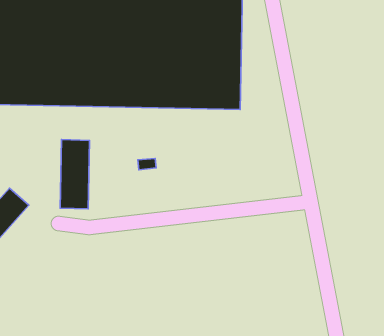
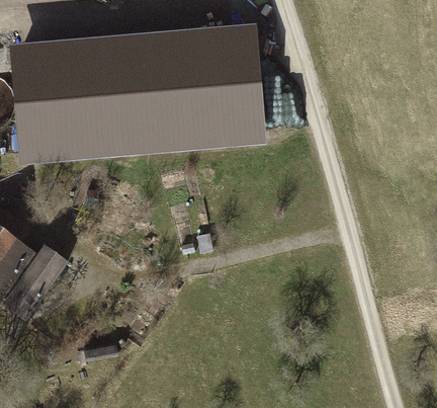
building: [60,140,89,209] -> none

